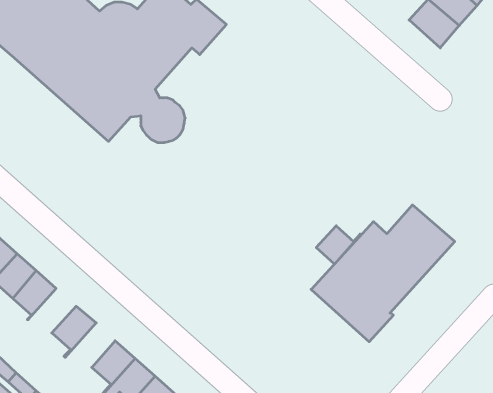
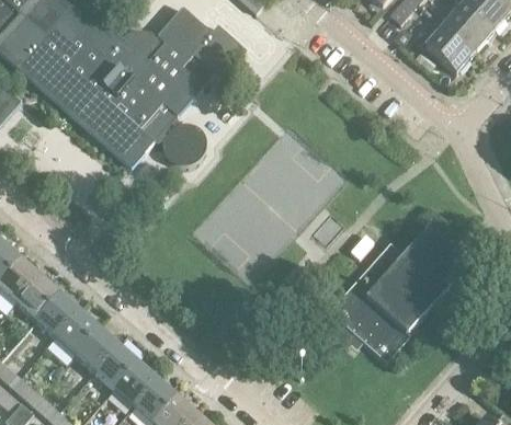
building: [316,226,360,264] -> none
building: none -> [50,310,98,354]
building: none -> [87,344,136,388]

